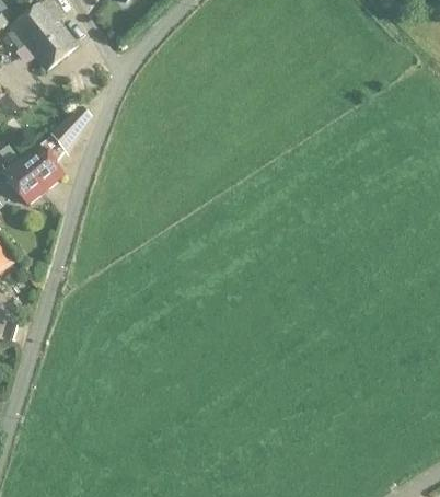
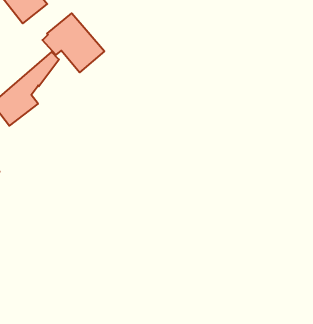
building: none -> [42,13,104,72]

